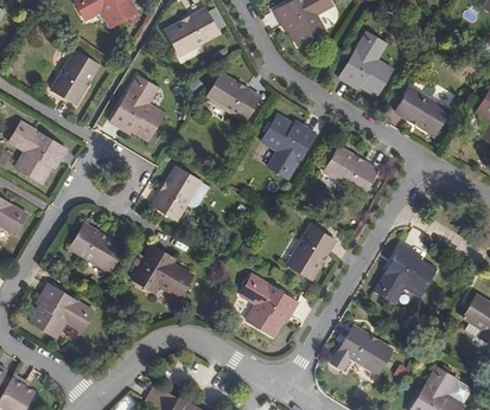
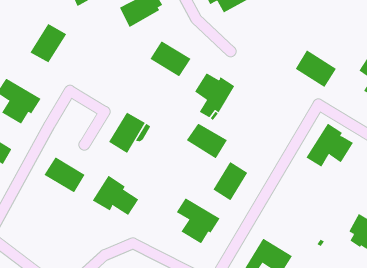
building: [337,32,392,95] -> none
building: [106,78,159,142] -> none
building: [324,148,378,196] -> [186,123,228,159]
building: [373,248,435,306] -> [305,123,354,168]
building: [28,281,93,333] -> none

